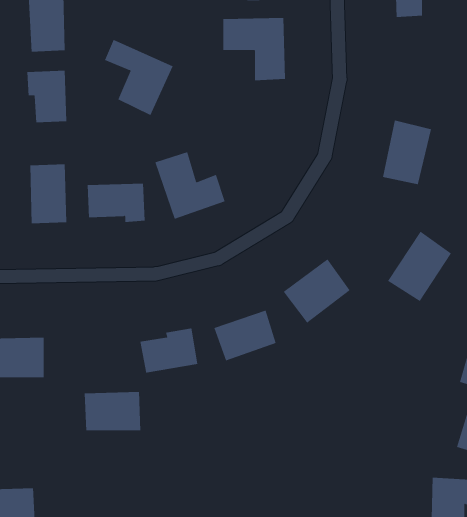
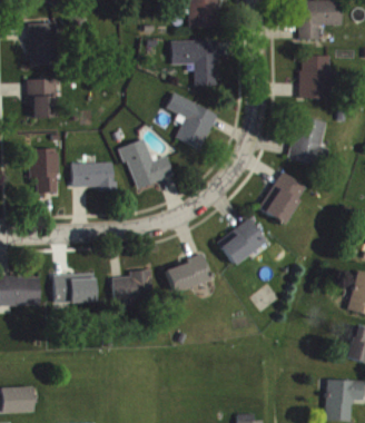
building: none -> [300,56,331,99]
building: [104,39,173,116] -> [166,94,217,150]
building: [387,231,452,302] -> [258,171,306,224]
building: [84,392,141,431] -> [53,274,96,303]

